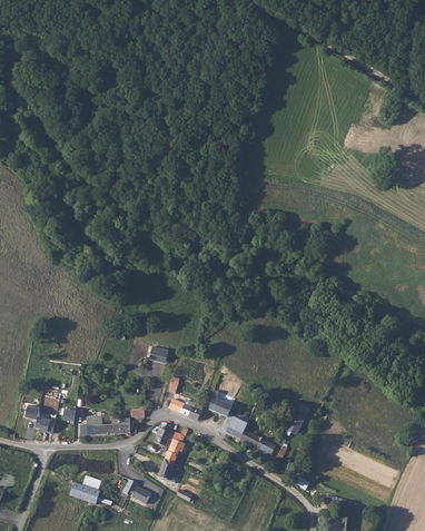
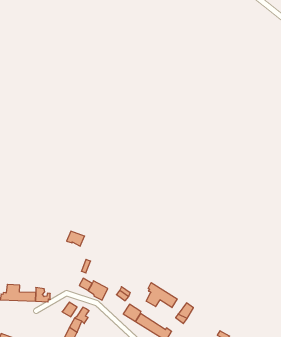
building: none -> [146,283,177,308]

